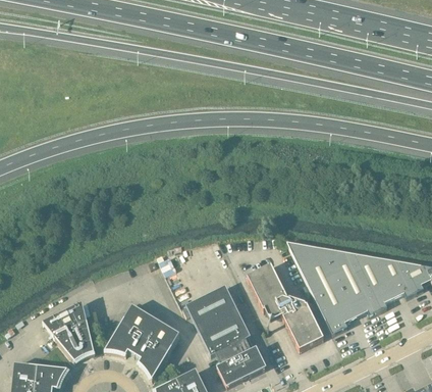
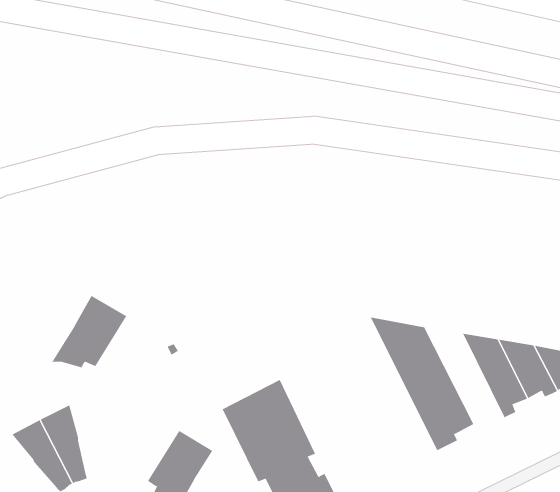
building: [324,249,378,315] -> none
building: [247,264,323,350] -> none
building: [104,305,156,355] -> [51,295,127,368]

